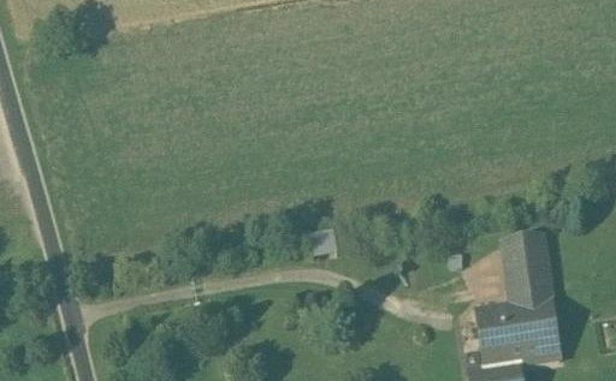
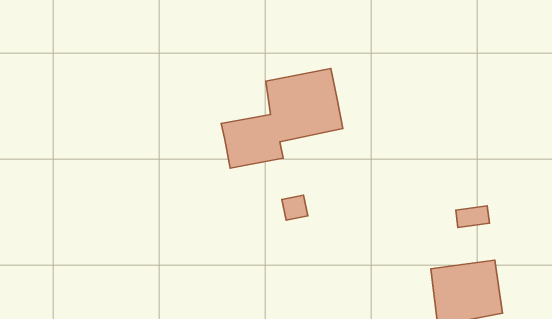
building: none -> [221,69,343,168]
building: [509,256,550,302] -> none

